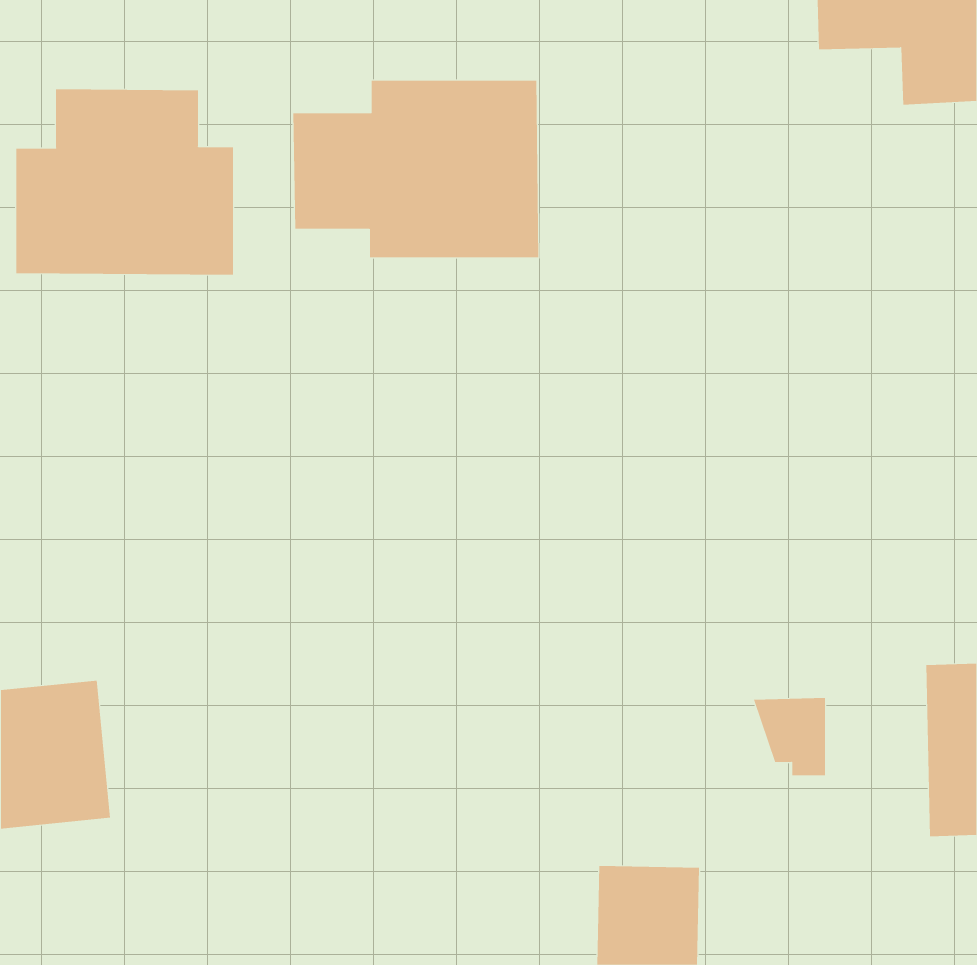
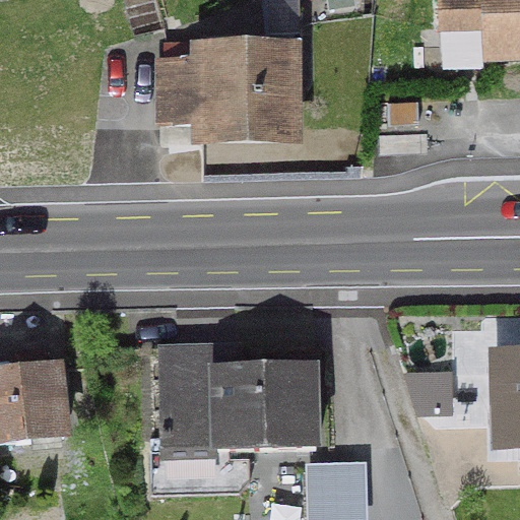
building: [16,88,233,275] -> none
building: none -> [154,345,311,452]

